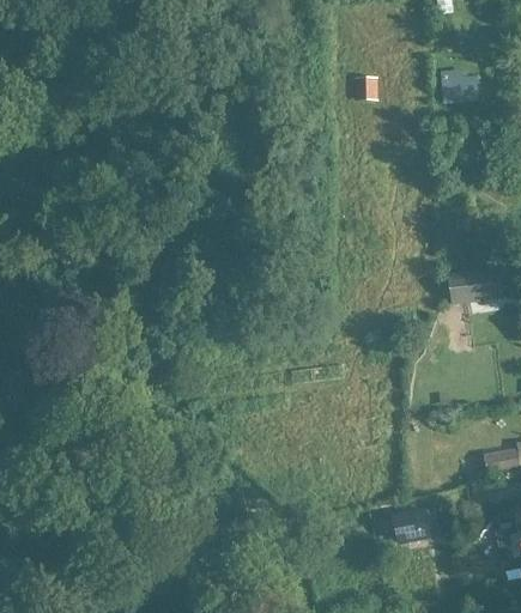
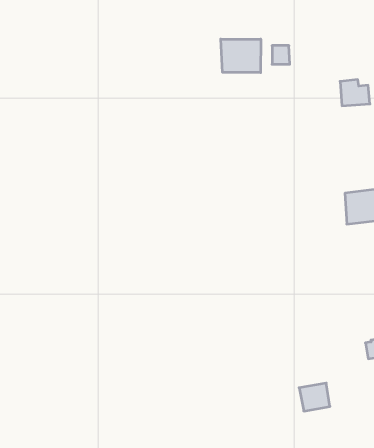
building: none -> [221,39,261,73]
building: [440,68,478,102] -> [340,80,370,106]

